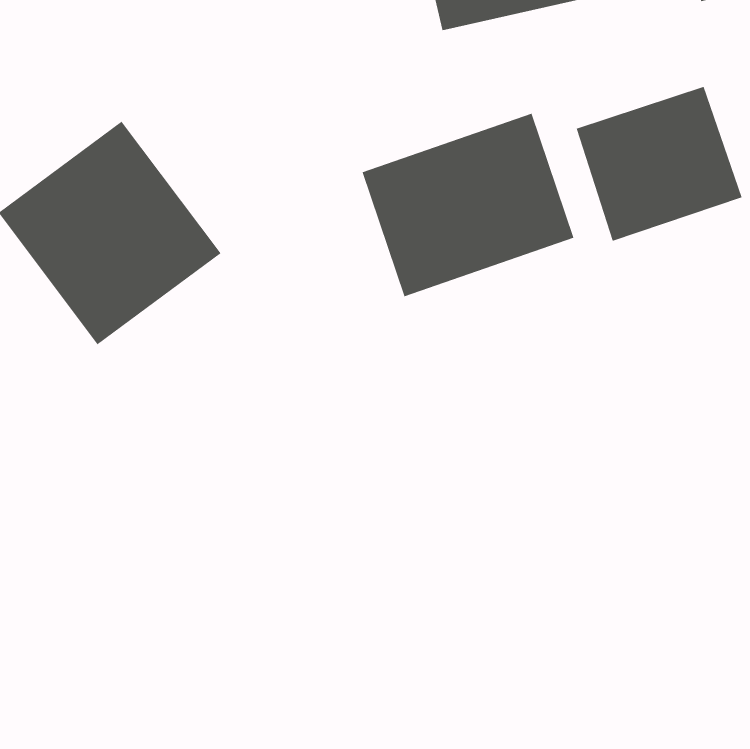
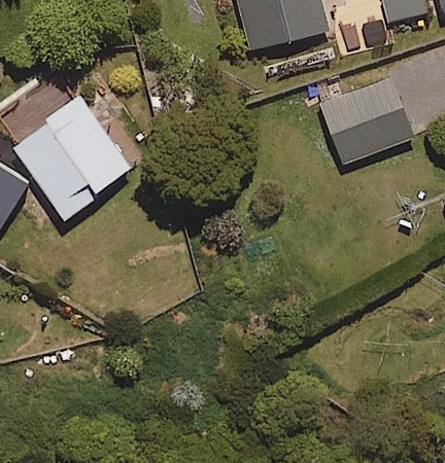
building: [362,113,574,297] -> none

